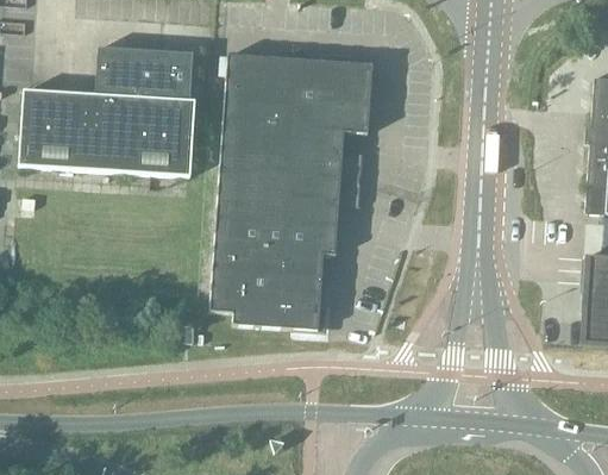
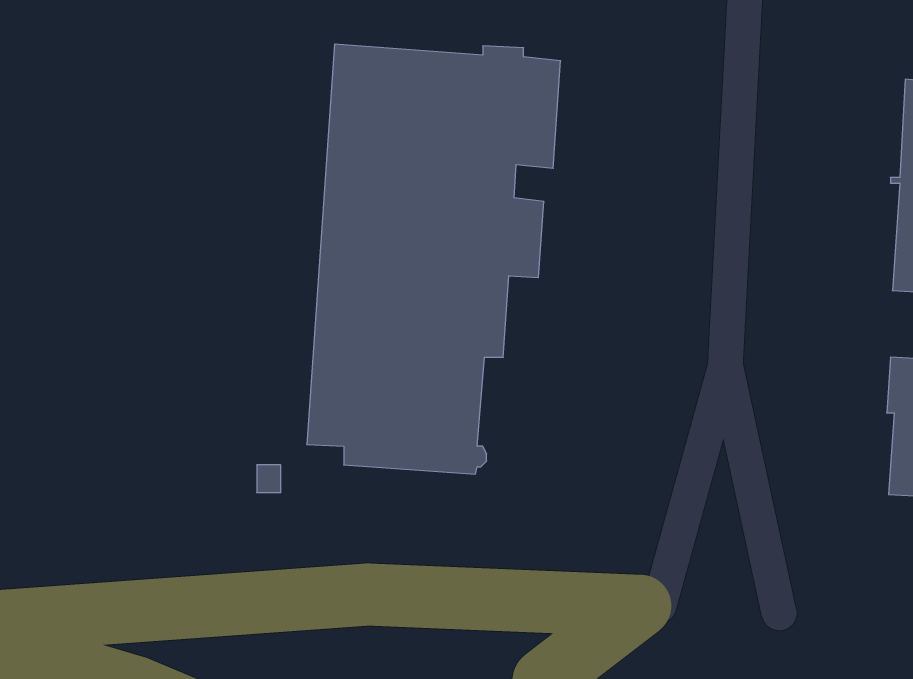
building: [20,46,195,176] -> none

